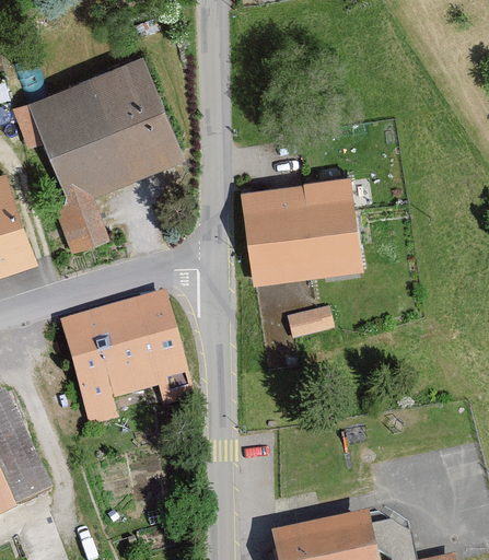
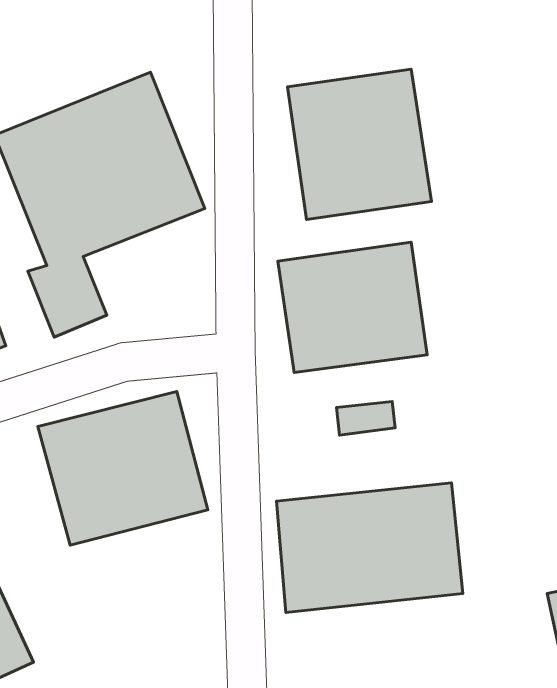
building: none -> [288,69,432,219]
building: none -> [277,483,463,613]

